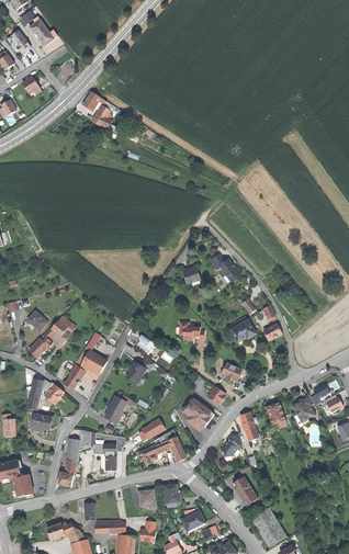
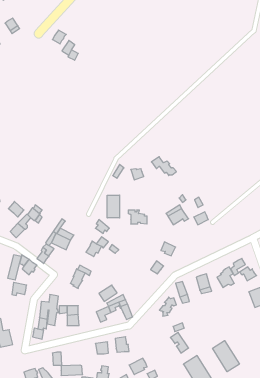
building: none -> [107,195,120,218]
building: [183,399,214,430] -> none
building: none -> [213,341,239,372]

